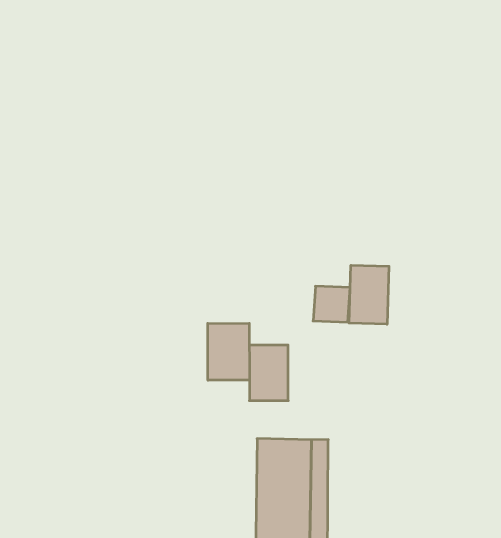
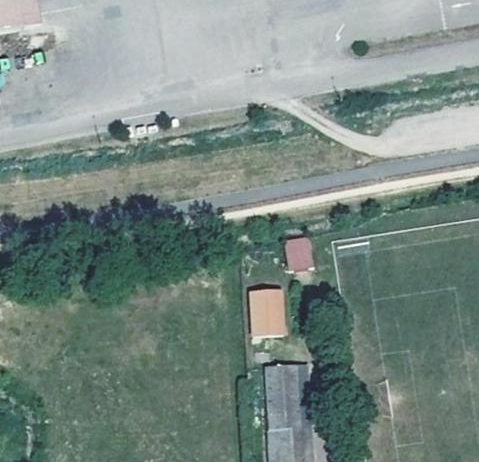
building: [349,265,389,324] -> none
building: [208,323,249,380] -> none

